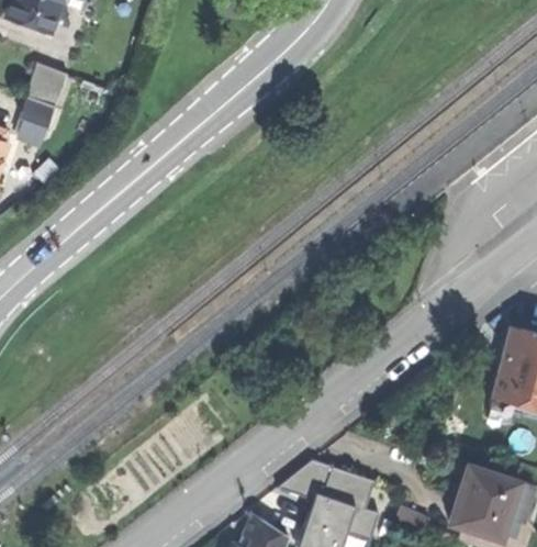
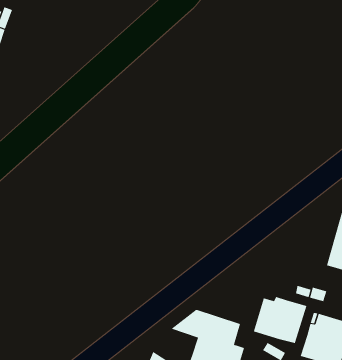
building: none -> [253,296,307,344]

